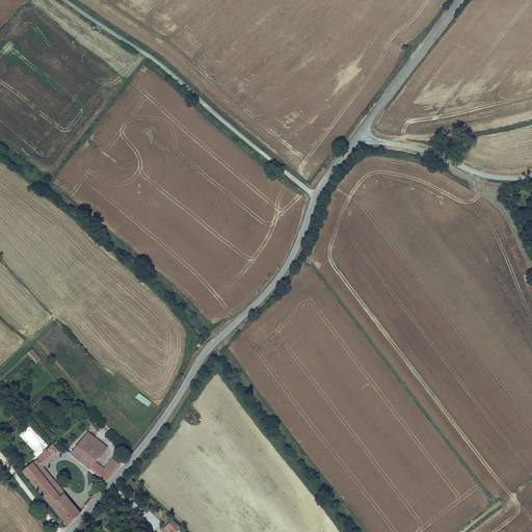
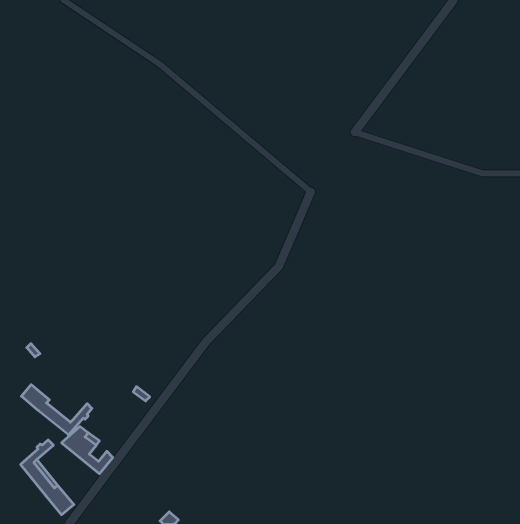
building: none -> [21,385,92,435]

